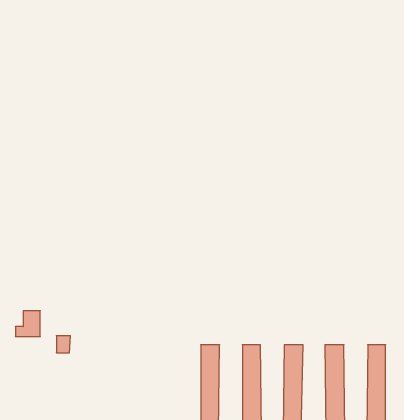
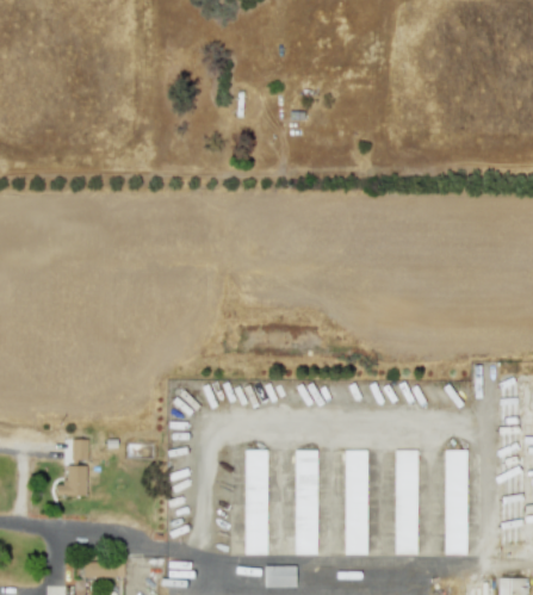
building: [15,311,40,337] -> [57,466,87,497]

